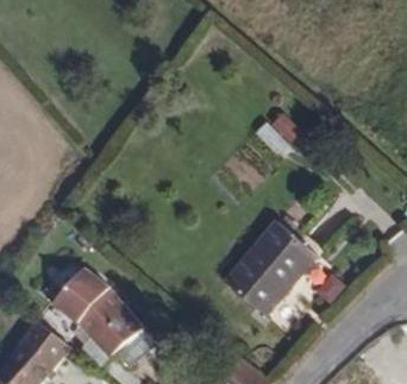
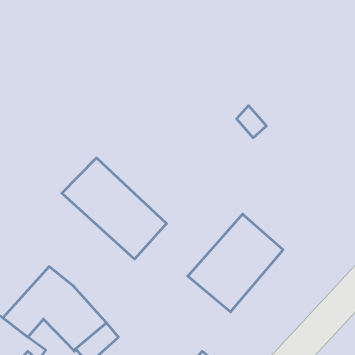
building: none -> [62,158,167,259]

